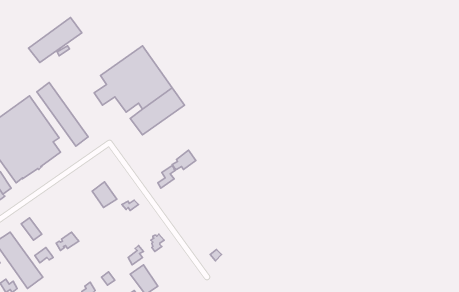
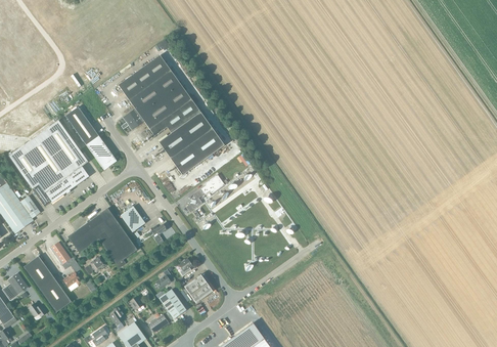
building: [29,17,82,62] -> [118,54,171,99]
building: none -> [171,129,225,175]
building: none -> [67,208,137,264]
building: none -> [184,274,213,303]

